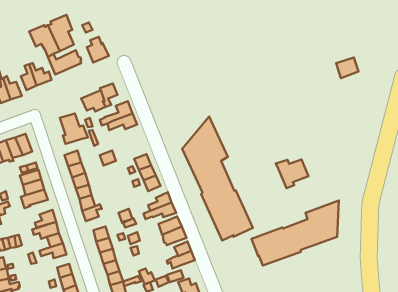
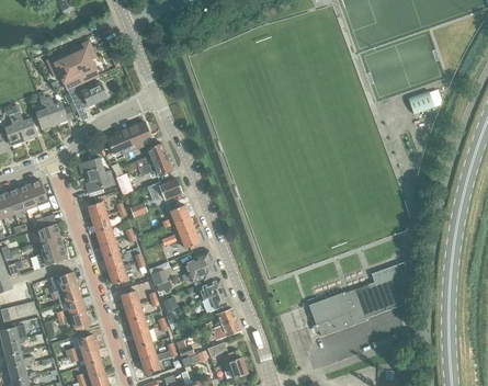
building: [87,37,109,63] -> none
building: [182,117,253,240] -> none
building: none -> [146,179,181,202]
building: [276,160,308,188] -> none

